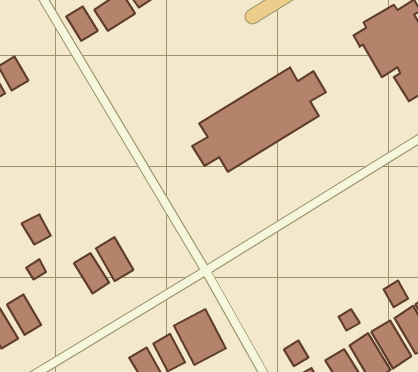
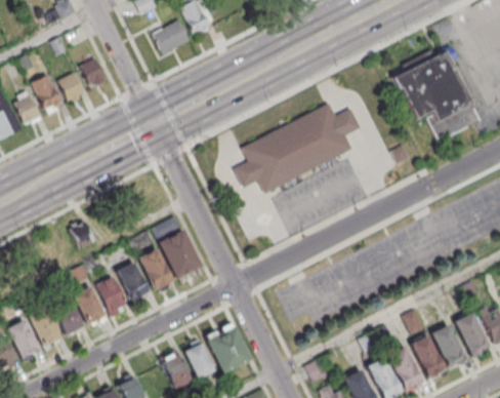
building: [66,7,98,41] -> [79,56,108,88]
building: none -> [153,215,202,280]
building: none -> [93,274,126,317]
building: none -> [72,285,103,322]

